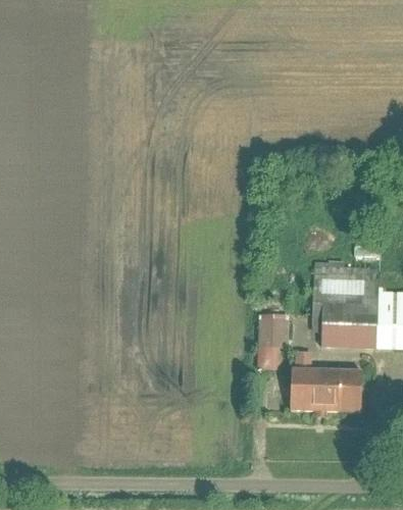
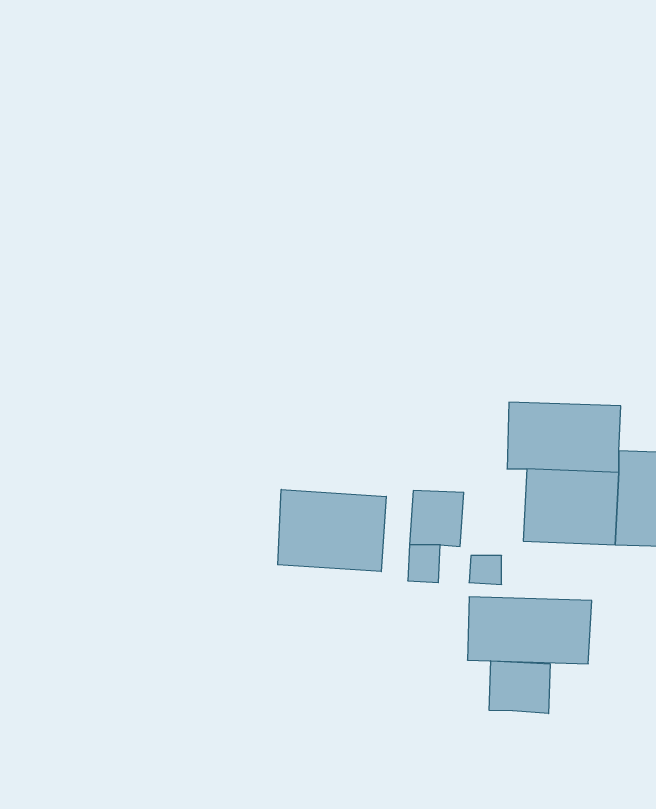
building: none -> [278,489,386,572]
building: none -> [489,661,550,714]

